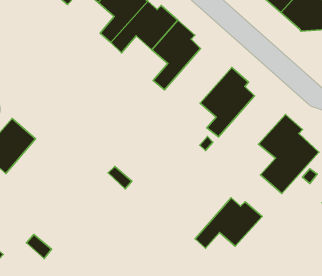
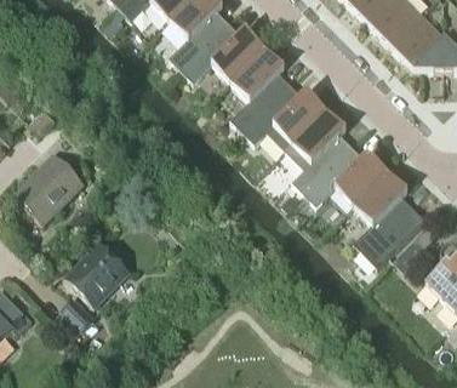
building: none -> [244,85,327,152]
building: none -> [64,240,128,306]
building: [195,198,262,248] -> [305,147,389,206]

